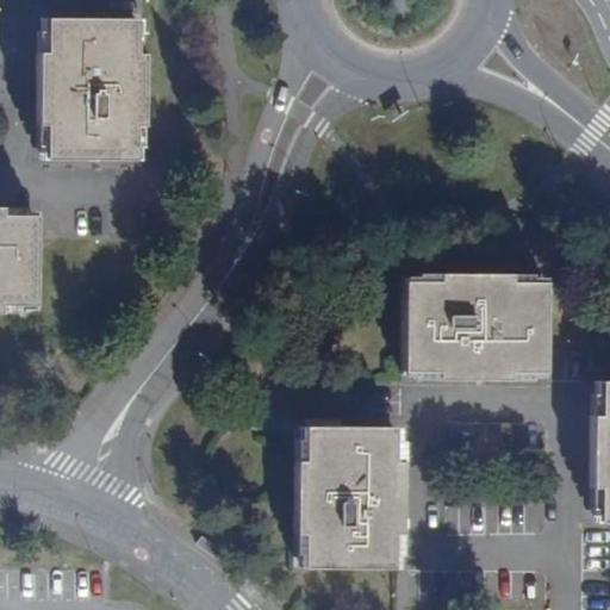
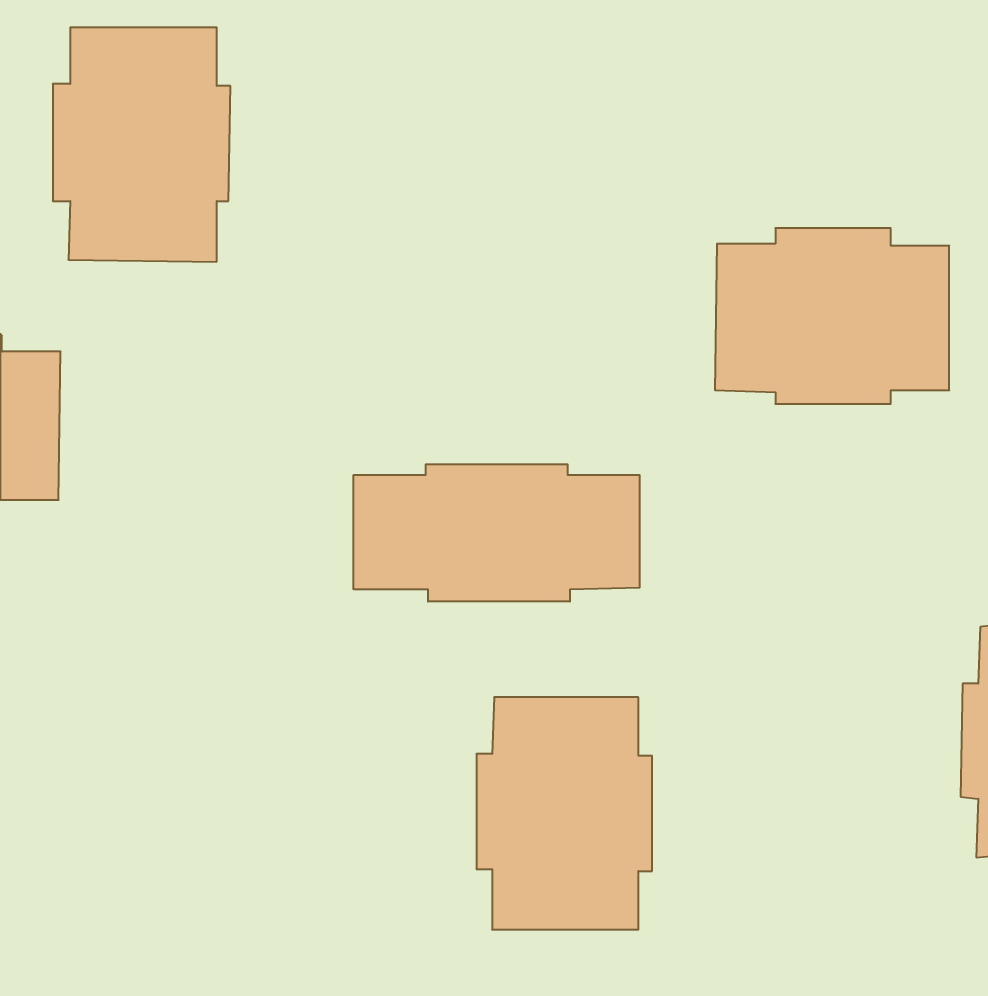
building: [405,273,548,380] -> [715,228,949,404]
building: none -> [354,464,640,602]

